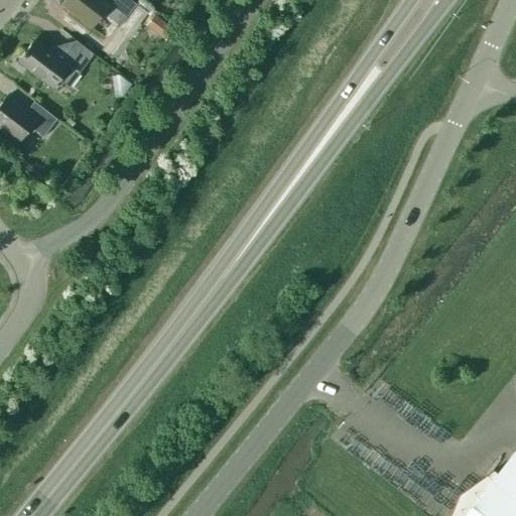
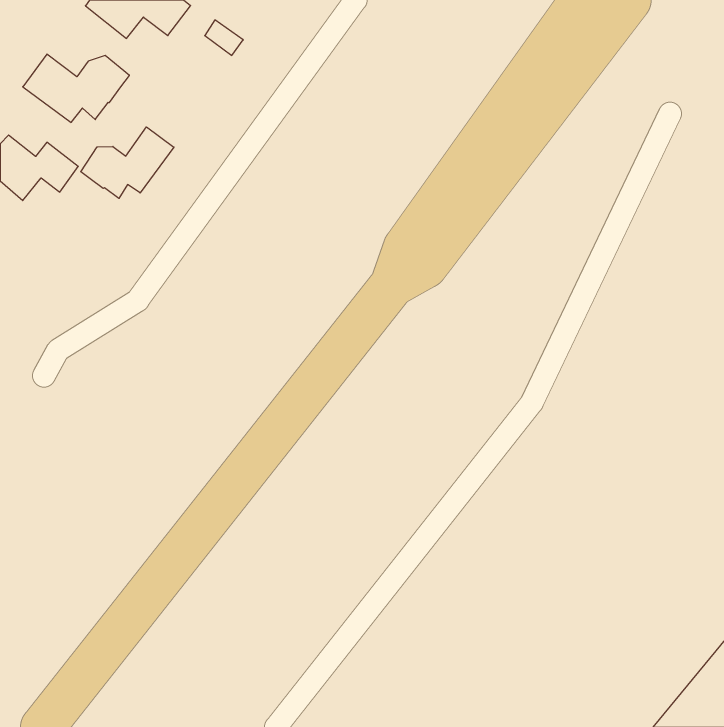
building: none -> [81,127,174,198]

